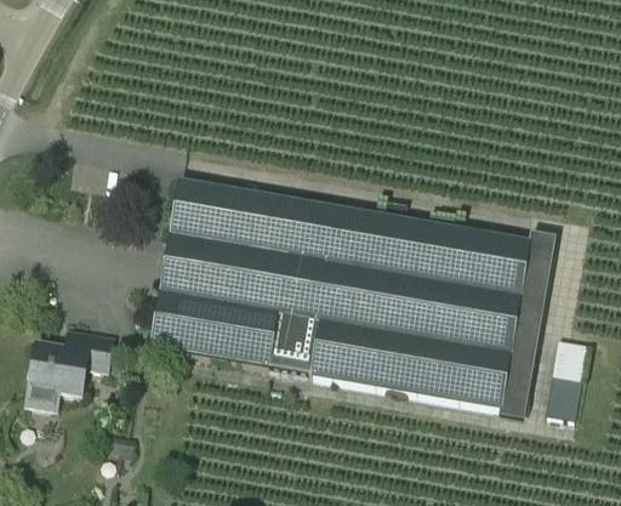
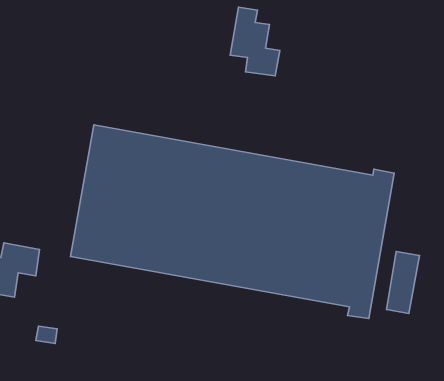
building: none -> [230,7,280,76]

